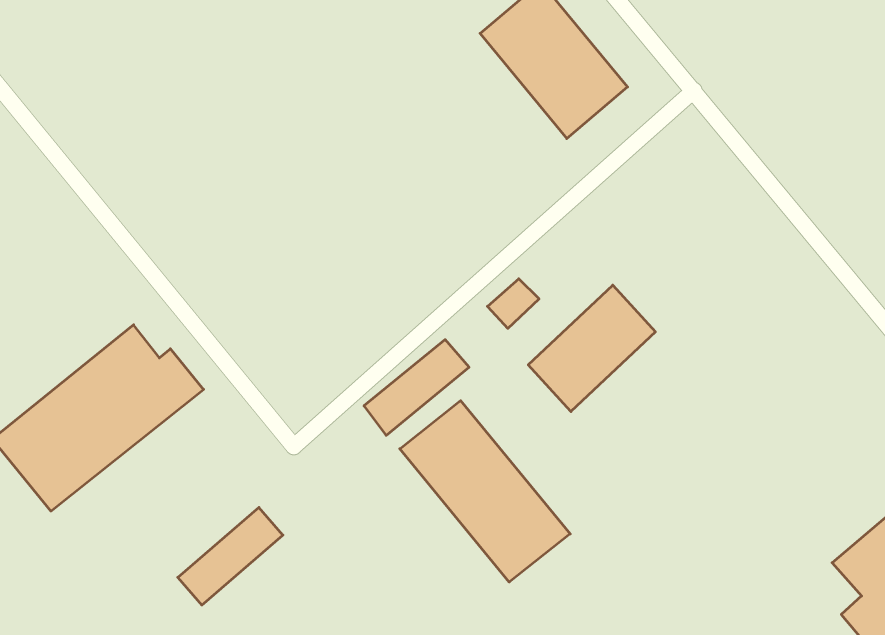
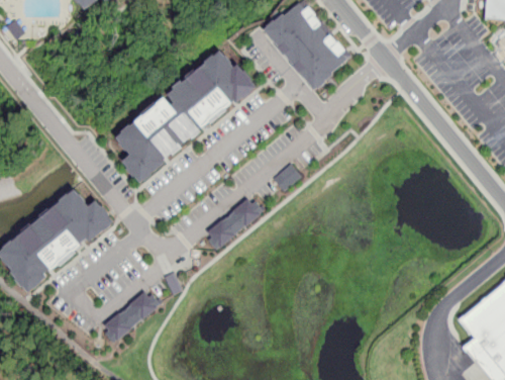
building: none -> [114,48,251,182]
building: [528,285,655,412] -> none
building: [400,401,570,582] -> none

